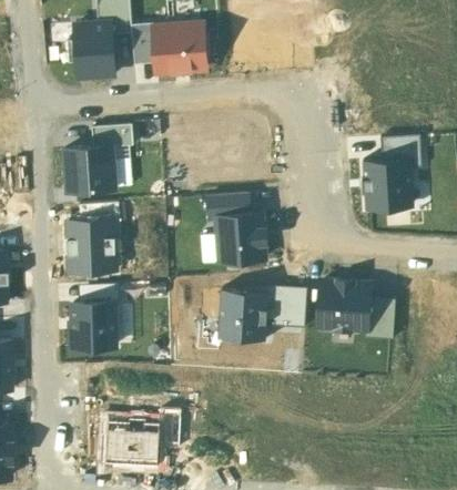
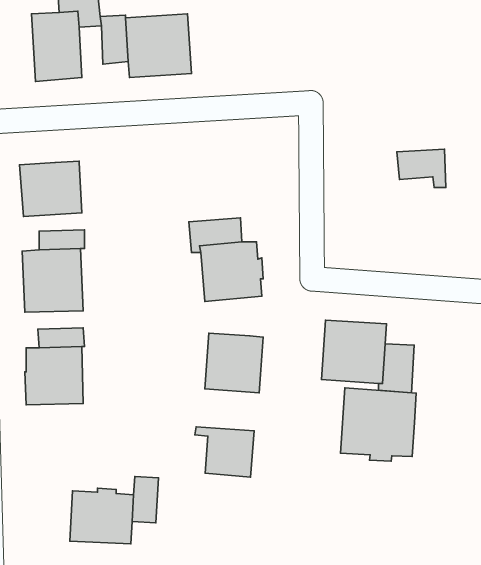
building: [92,126,133,147] -> none
building: [363,160,413,210] -> none
building: [256,286,306,328] -> [195,427,254,477]
building: none -> [341,388,416,461]

